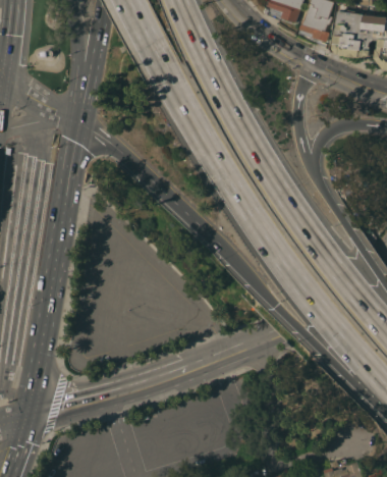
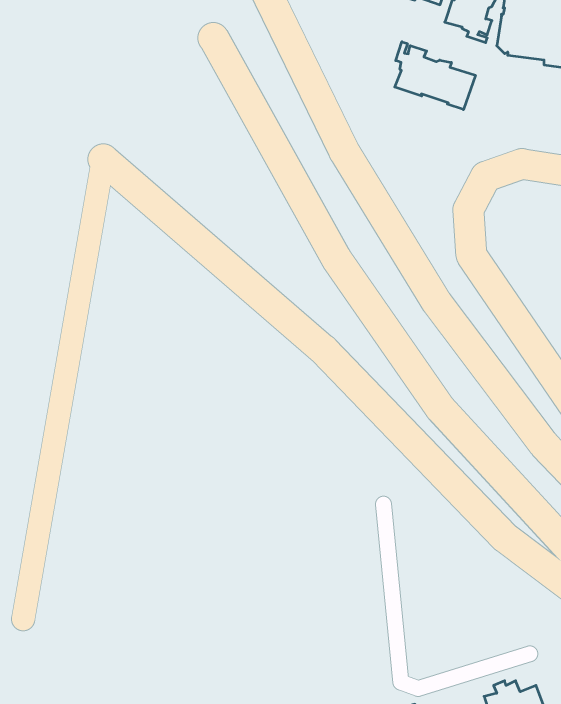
building: none -> [395,42,475,110]

